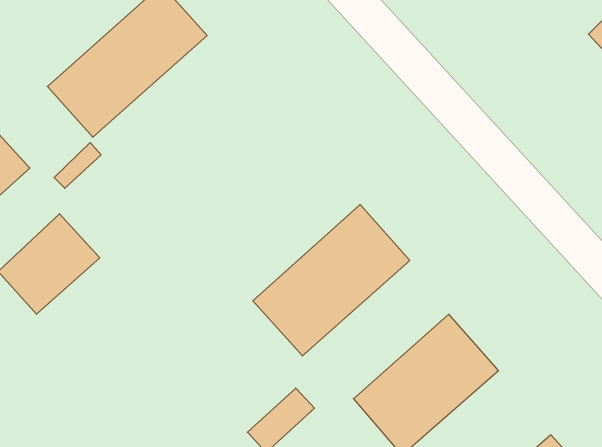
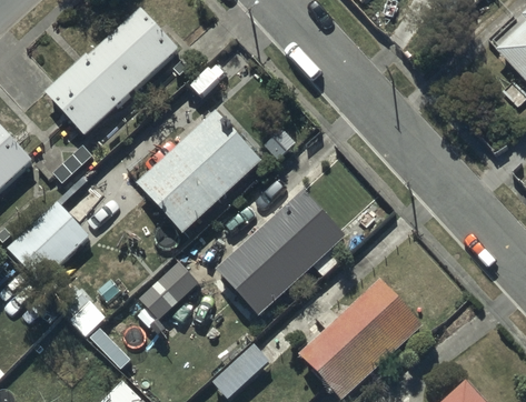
building: none -> [137,110,261,232]
building: none -> [137,260,198,319]

